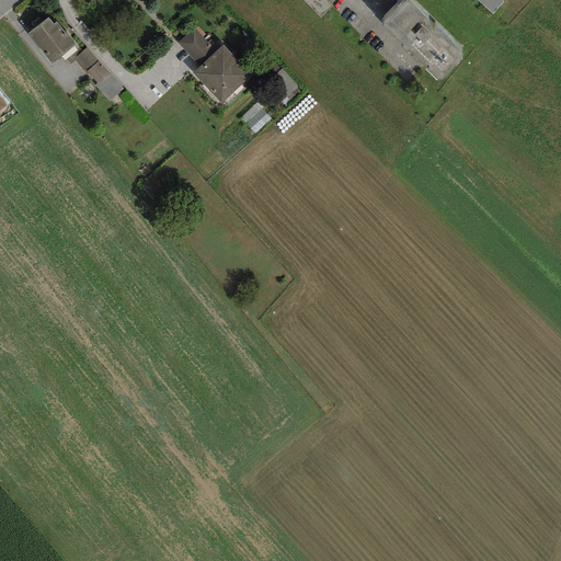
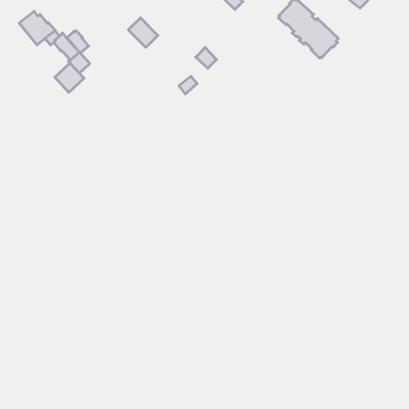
building: none -> [67,31,89,53]
building: [192,43,250,101] -> none
building: none -> [55,63,84,92]

